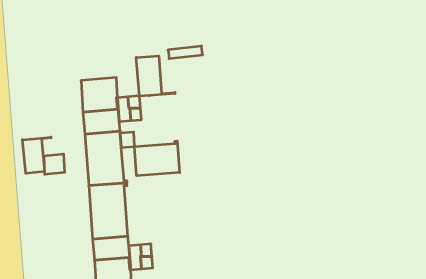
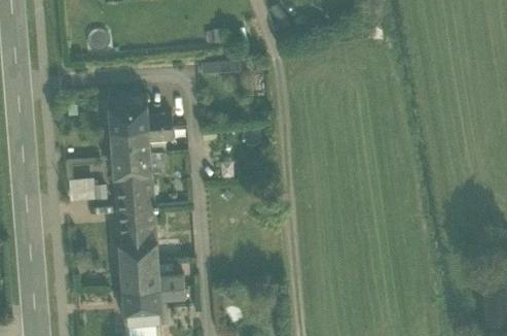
building: [136,56,175,96] -> none
building: [22,137,51,173] -> none
building: [135,141,180,176] -> none

